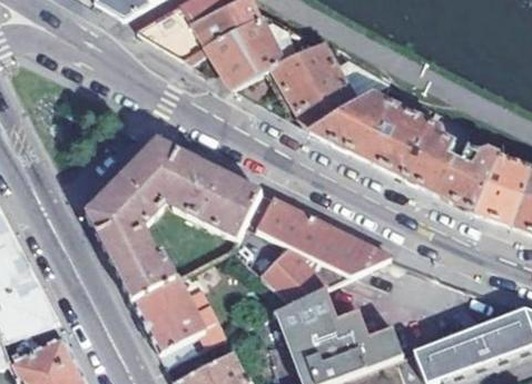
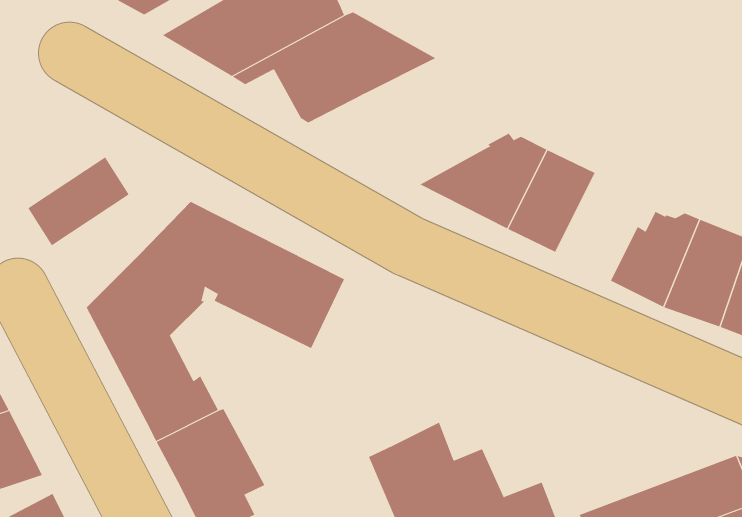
building: [270,43,387,128] -> none
building: none -> [27,156,129,246]
building: [400,120,454,193] -> none
building: [229,191,386,303] -> none

